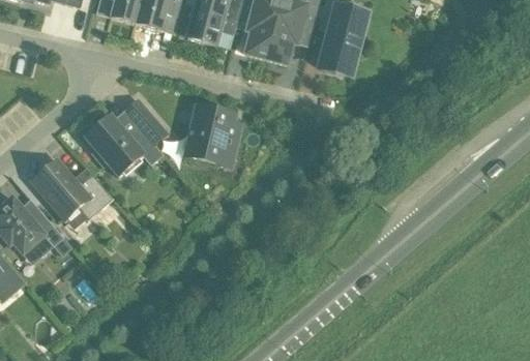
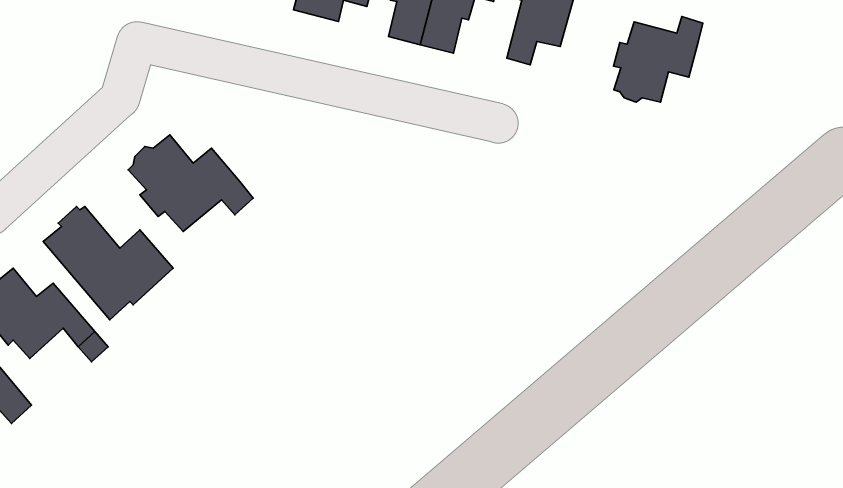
building: none -> [614,17,703,102]
building: [125,98,167,144] -> none
building: [184,104,241,168] -> none

